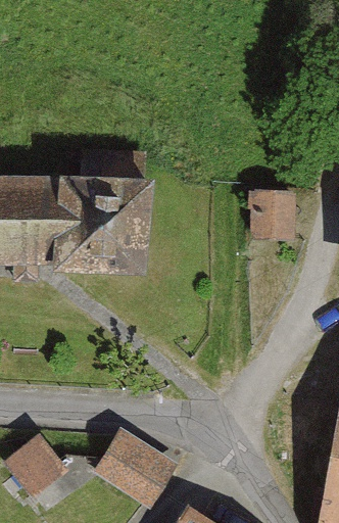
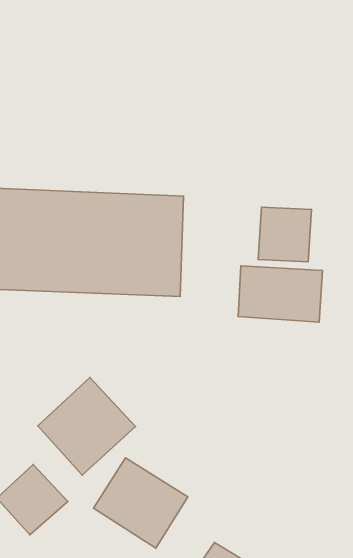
building: none -> [238,266,322,322]
building: none -> [38,378,135,475]

